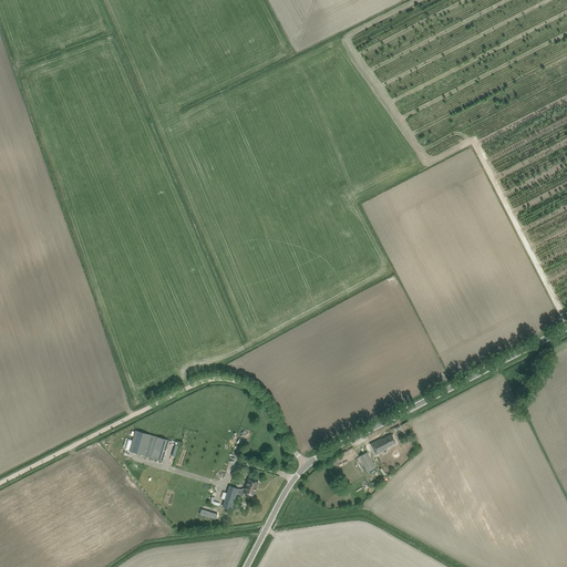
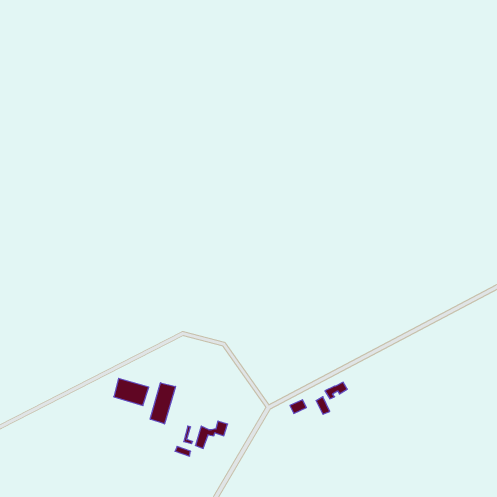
building: none -> [150,383,175,424]

